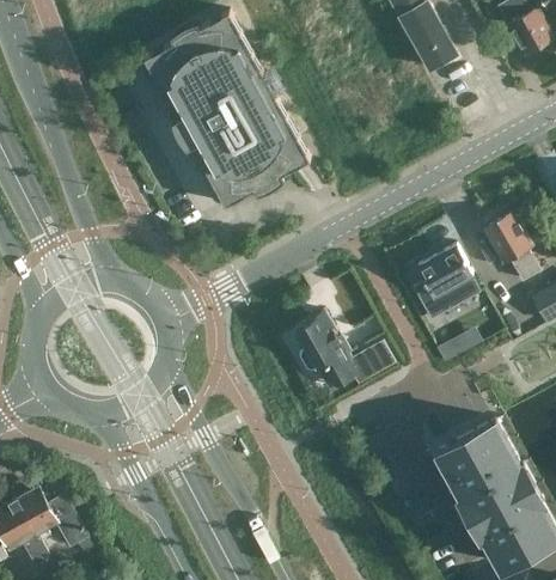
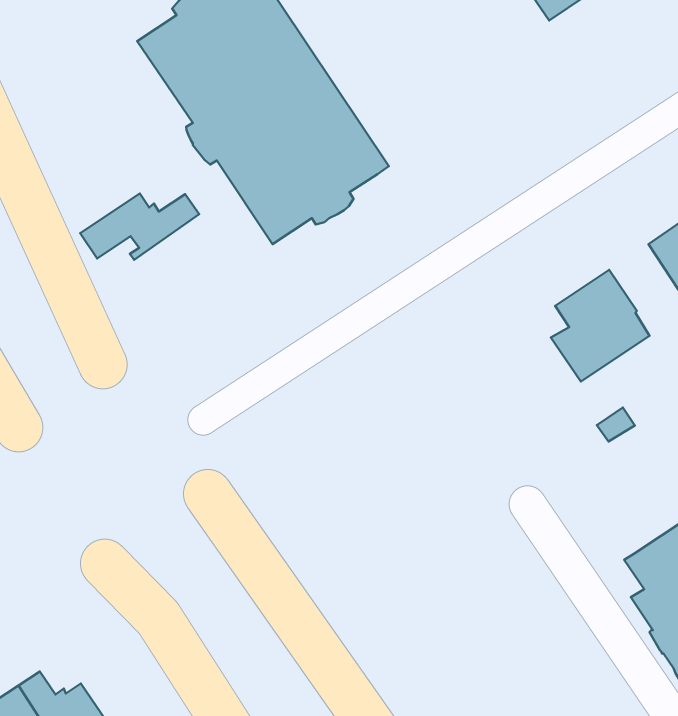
building: none -> [80,193,199,260]
building: [294,315,390,386] -> none

